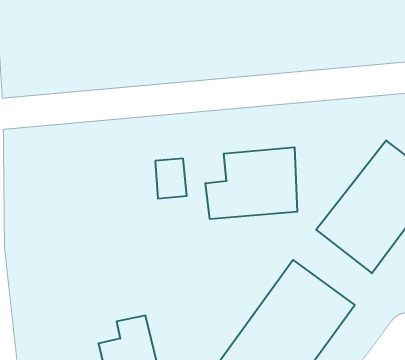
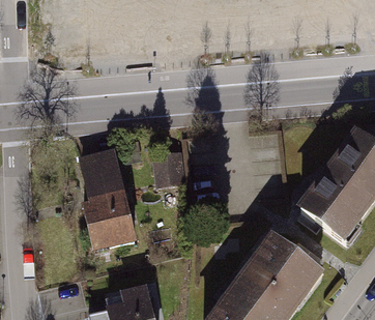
building: [206,147,297,219] -> none
building: none -> [77,144,137,250]

